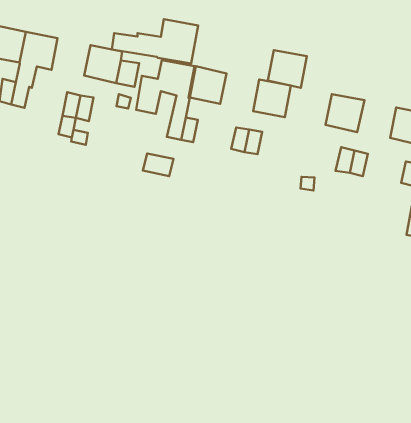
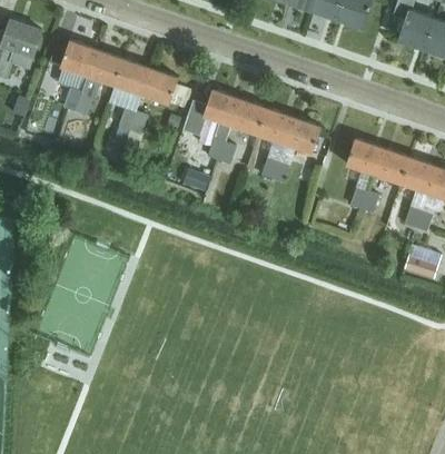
building: [112,19,198,64] -> none
building: none -> [115,59,151,95]
building: [268,50,307,88] -> [257,109,294,145]
building: none -> [373,148,409,184]

